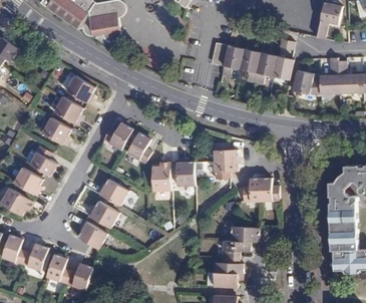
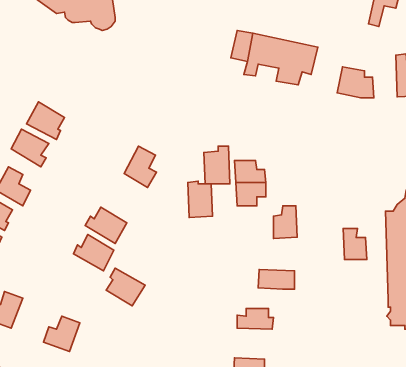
building: [272,55,293,80] -> none
building: [319,57,338,94] -> none
building: [64,76,92,105] -> none
building: [104,122,134,150] -> none
building: [152,163,172,192] -> [204,146,230,184]
building: [260,178,278,202] -> [343,228,367,260]
building: [78,219,108,248] -> [106,268,145,306]
building: [222,241,250,257] -> none
building: [46,254,69,283] -> none
building: [213,272,242,287] -> none

